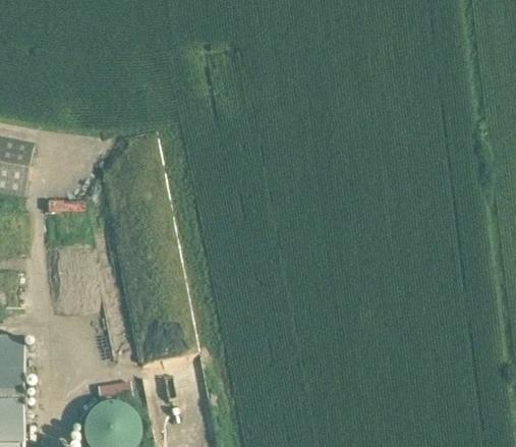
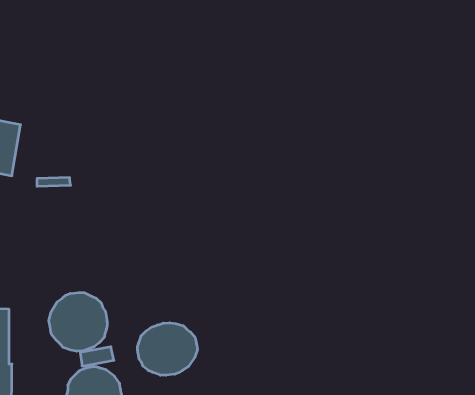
building: none -> [49,293,107,351]
building: none -> [138,323,197,375]

